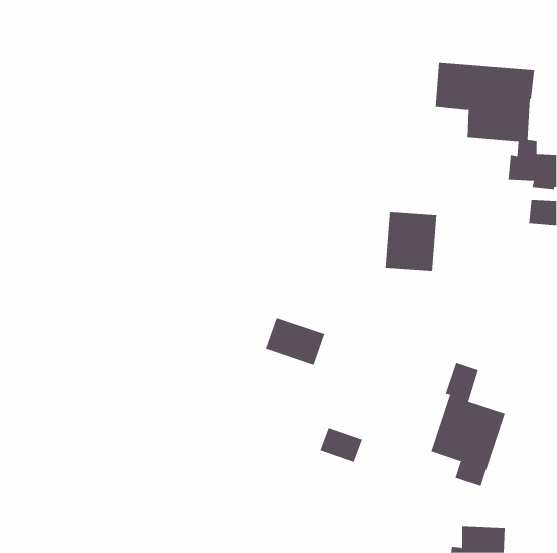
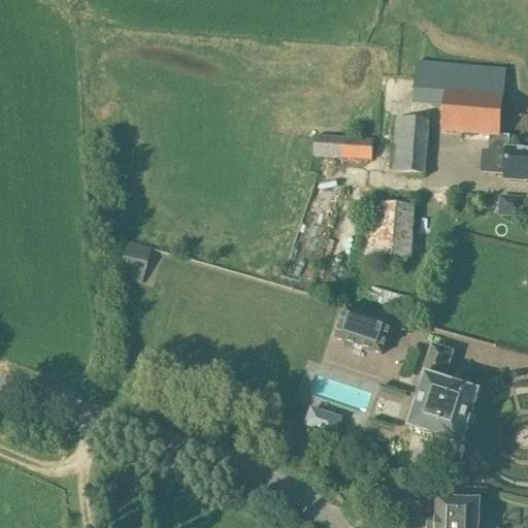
building: none -> [391,114,429,172]
building: none -> [314,134,373,157]
building: none -> [119,237,154,282]
building: [265,317,325,365] -> [335,306,392,352]

